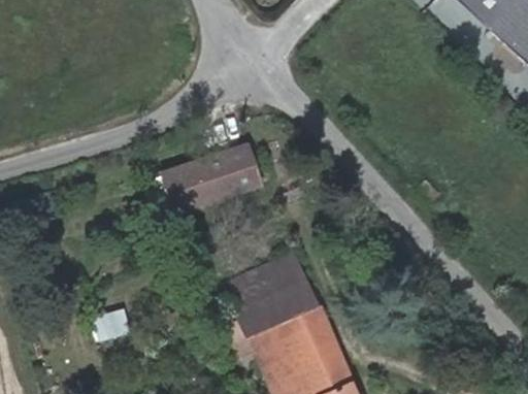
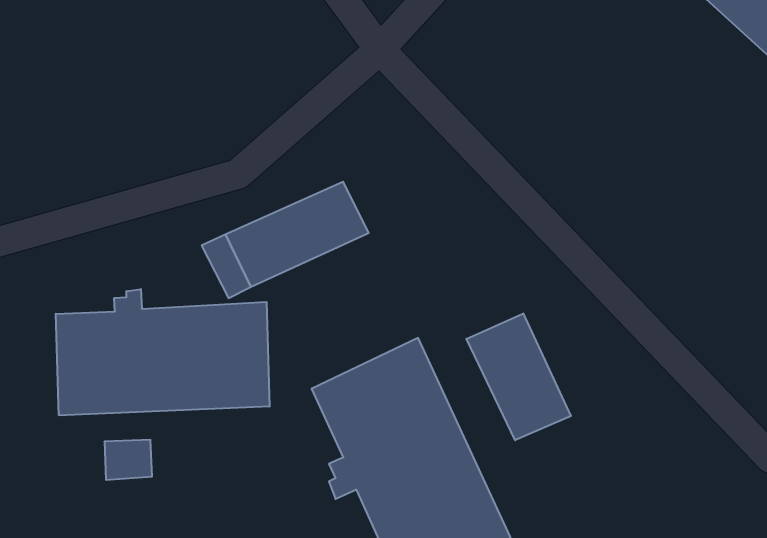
building: none -> [56,289,270,415]
building: none -> [466,313,571,440]

